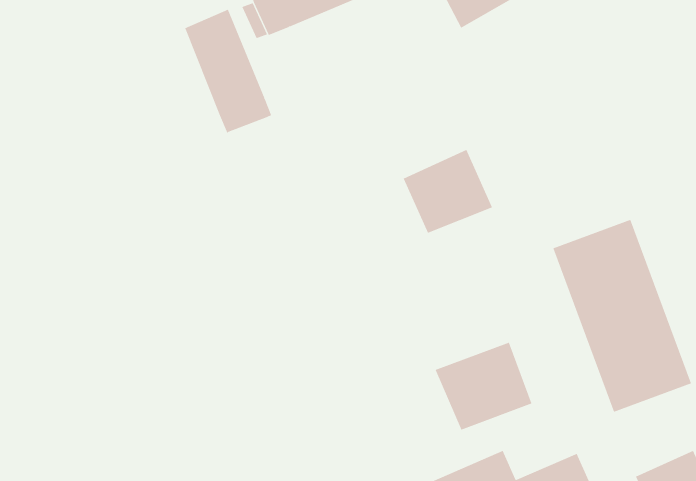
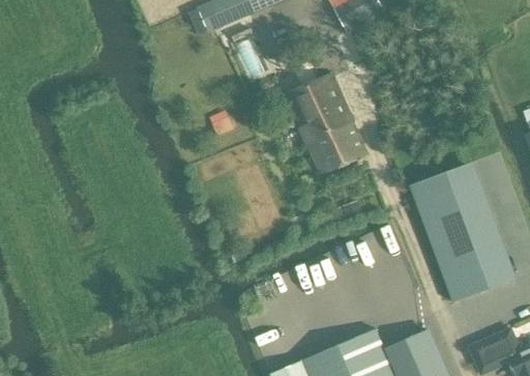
building: [184,9,272,134] -> none
building: none -> [287,75,350,135]
building: [435,342,532,430] -> none

